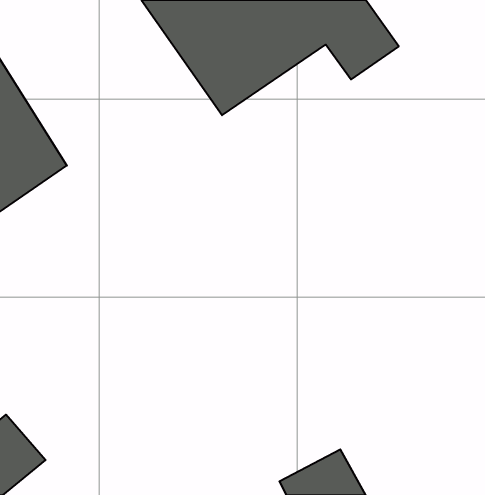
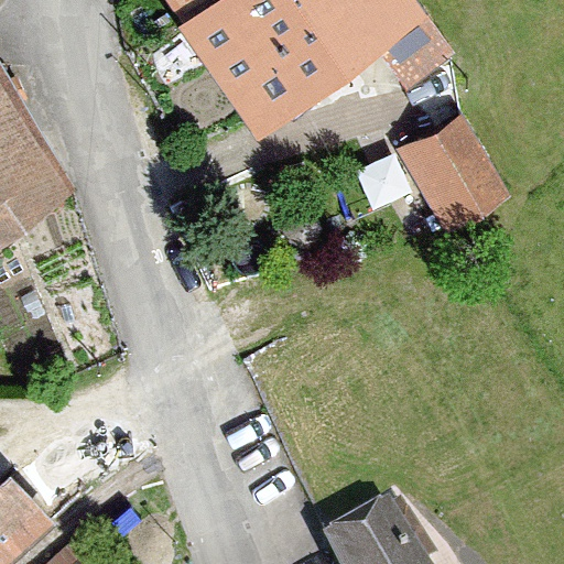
building: none -> [391,111,509,232]

